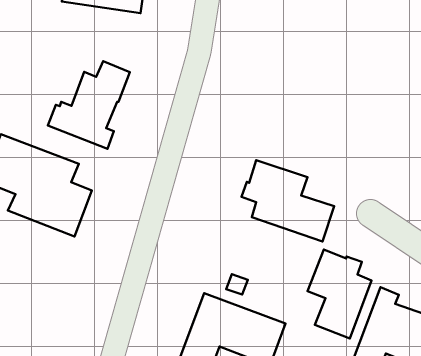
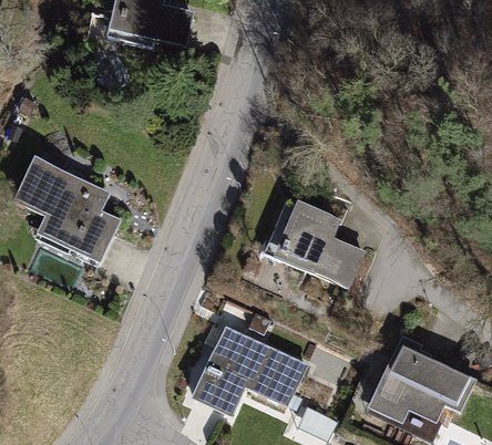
building: [48,61,130,149] -> none
building: [307,249,372,338] -> none

